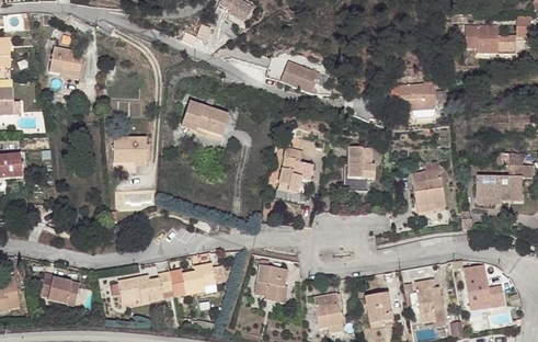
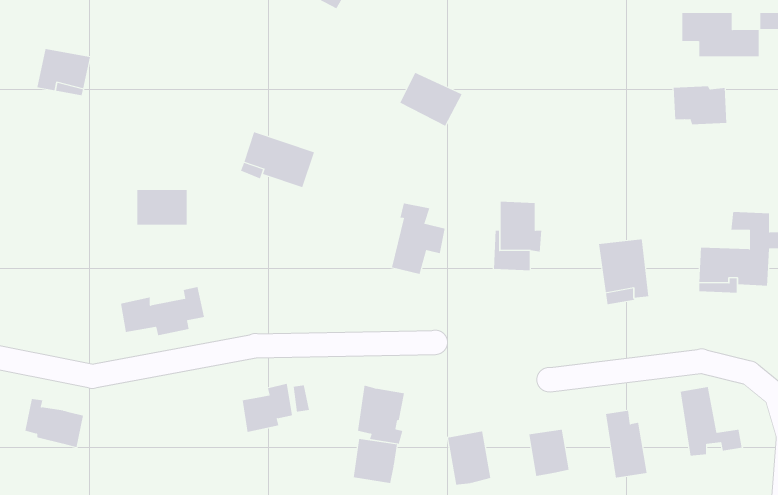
building: [400,82,435,107] -> [673,86,727,125]
building: [118,271,173,303] -> [120,287,205,336]
building: none -> [353,438,398,484]

